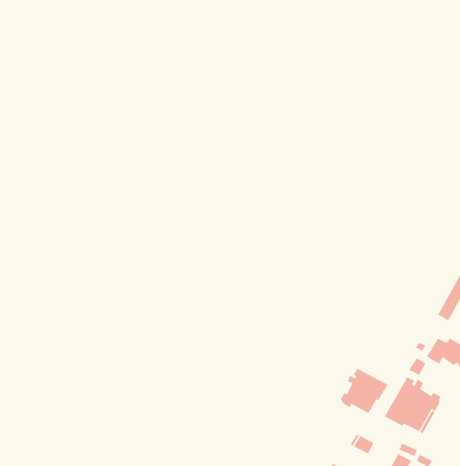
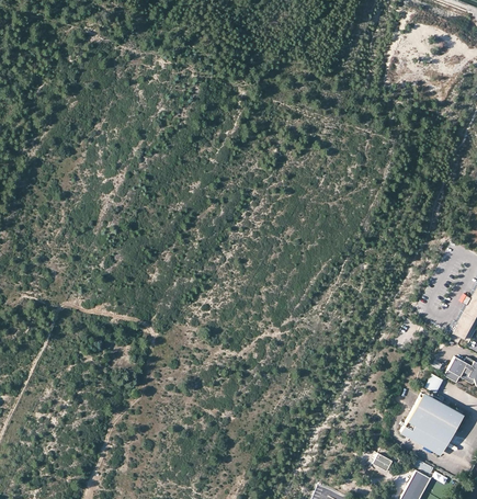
building: [340,367,388,414] -> none

